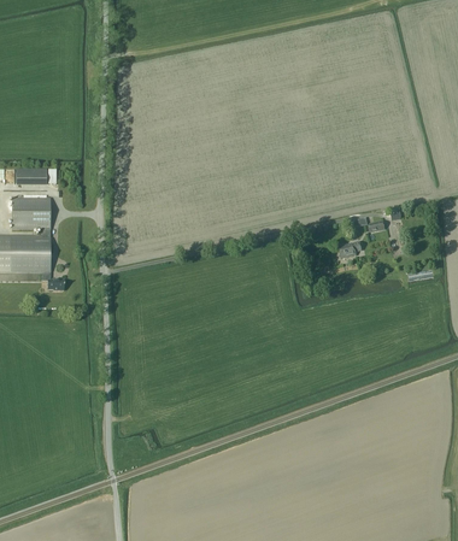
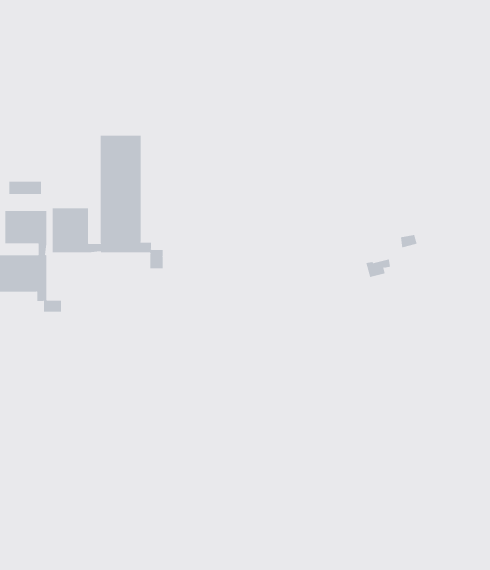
building: none -> [52,135,163,269]

